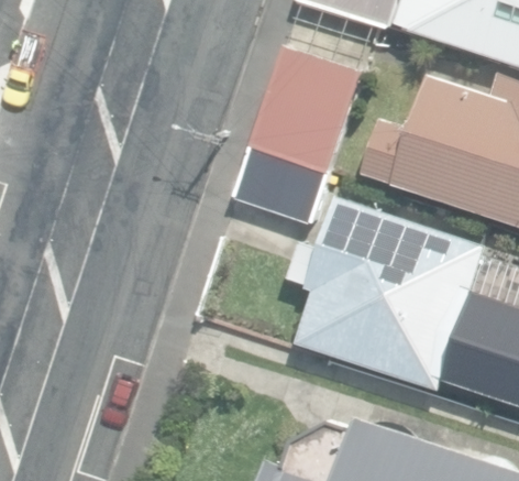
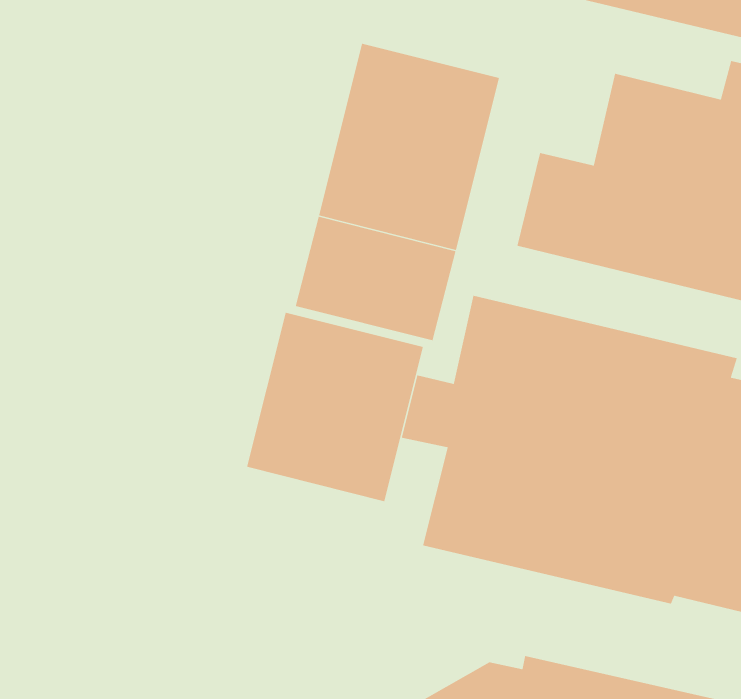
building: none -> [246,312,424,502]

